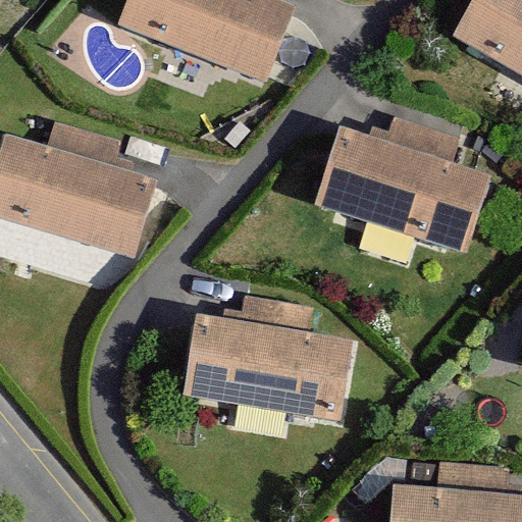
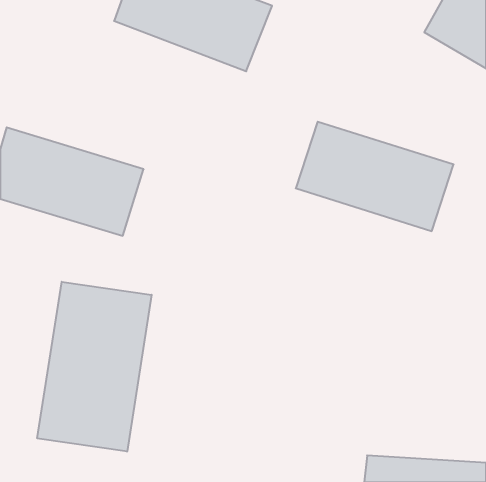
building: none -> [37,282,152,452]
building: [188,317,349,418] -> none

